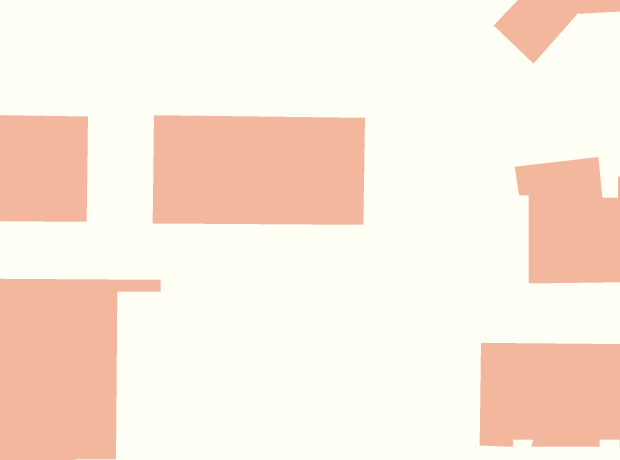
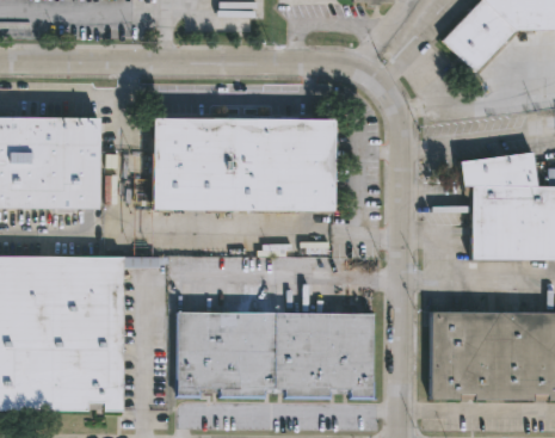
building: none -> [179,311,377,399]

